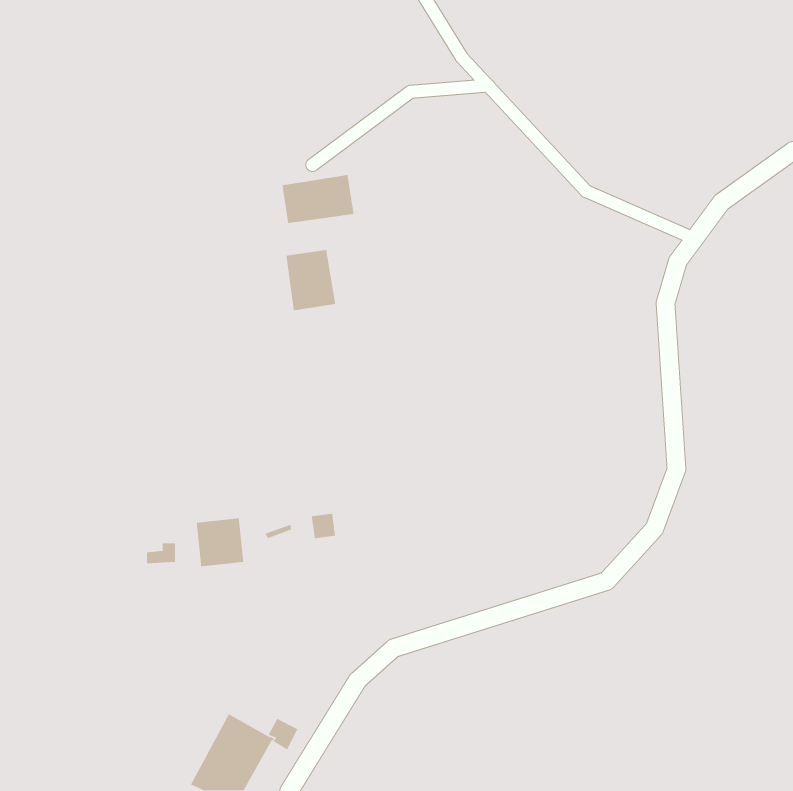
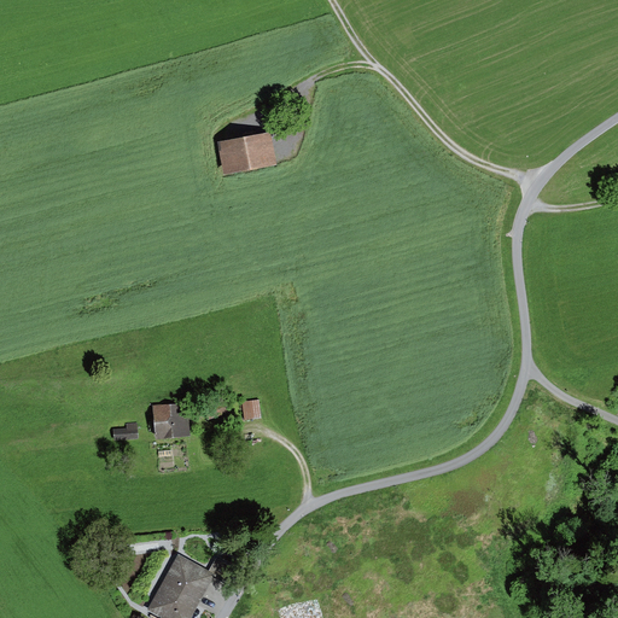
building: [285,249,336,311] -> none

